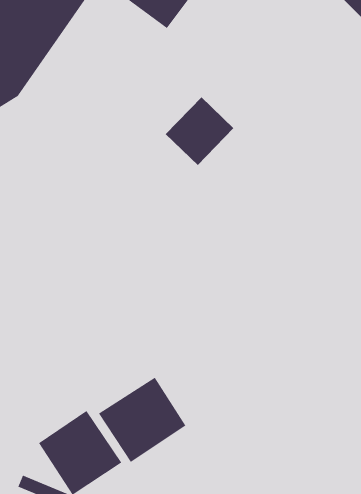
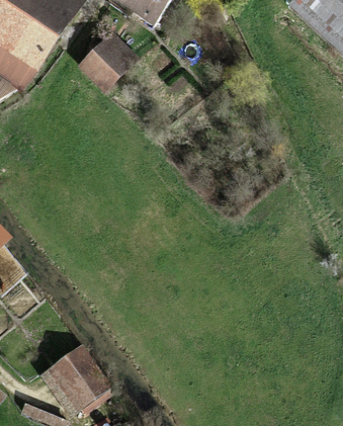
building: [165,97,234,166] -> [80,30,138,88]
building: [98,377,186,463] -> none

